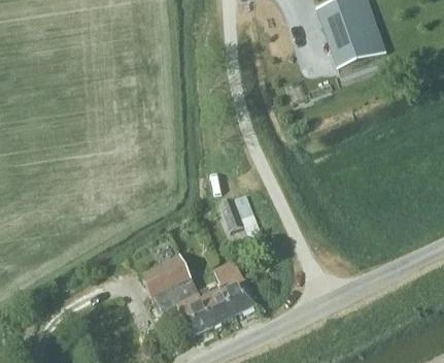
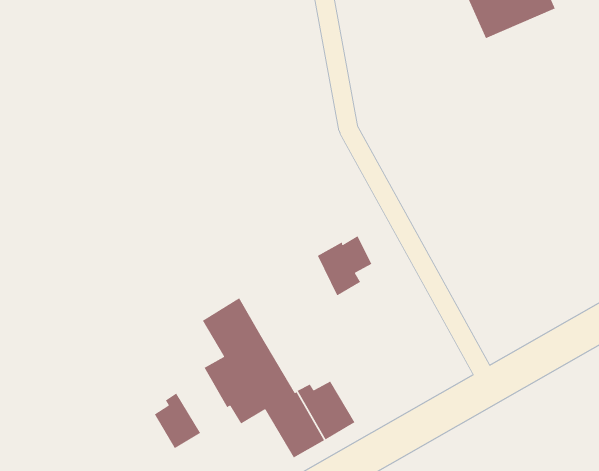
building: [214,259,257,316] -> none
building: none -> [154,393,201,449]

